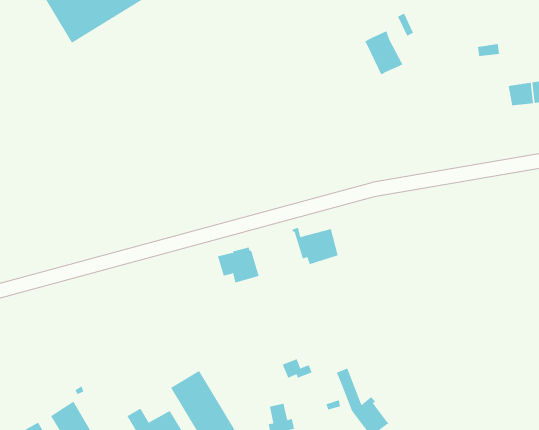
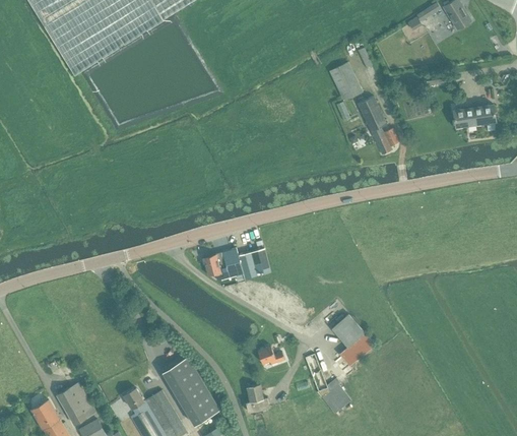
building: none -> [357,95,398,154]
building: [291,227,338,265] -> [229,246,269,278]
building: none -> [330,313,374,366]

